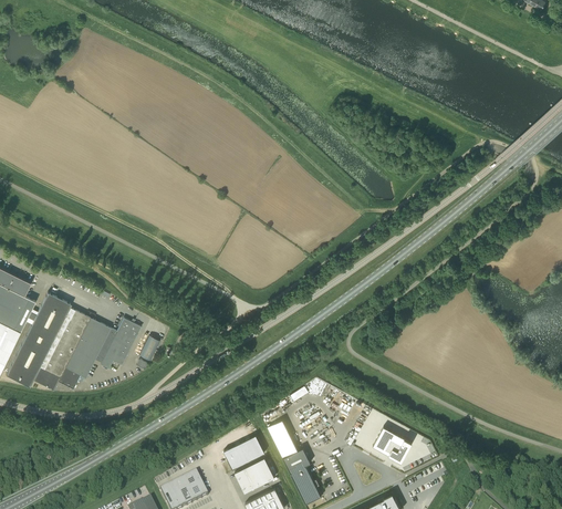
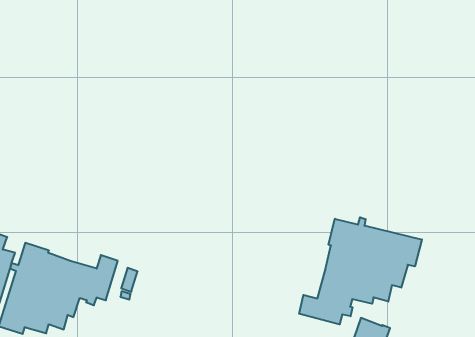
building: none -> [299,217,422,324]

